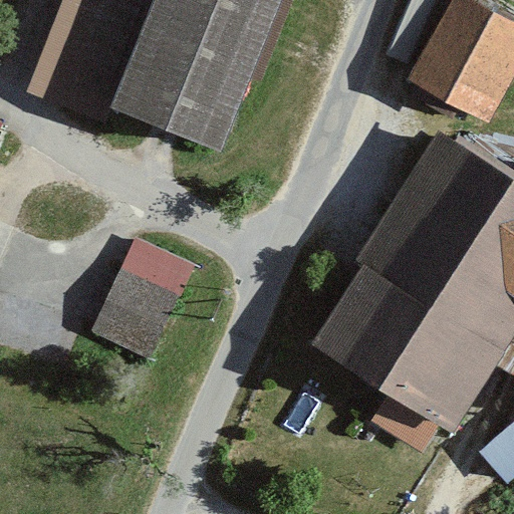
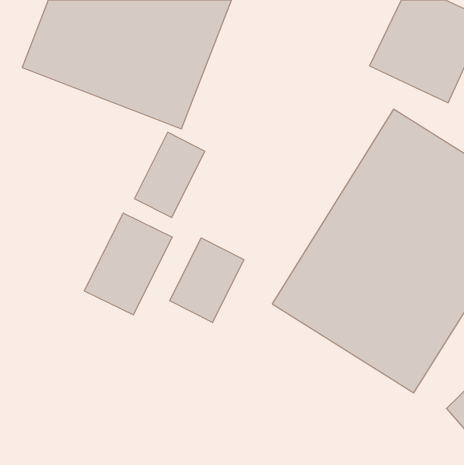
building: none -> [135,132,205,218]
building: none -> [170,238,244,323]

